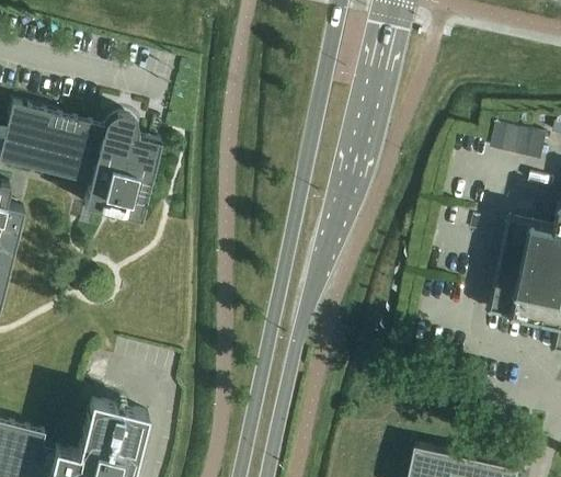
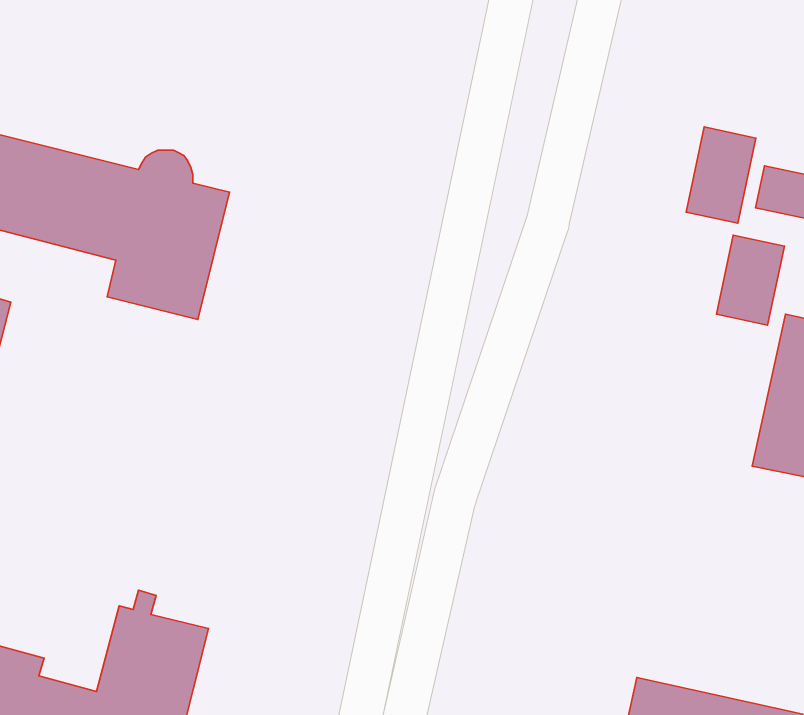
building: none -> [686,127,756,223]
building: none -> [716,235,784,325]

